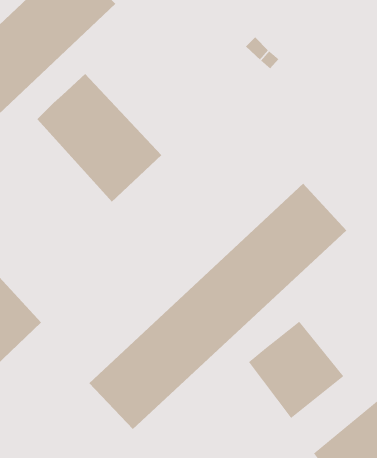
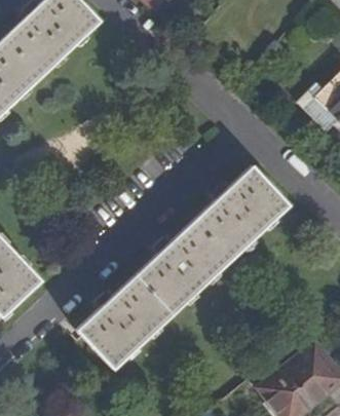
building: [36,73,162,202] -> none
building: [248,321,344,419] -> none

